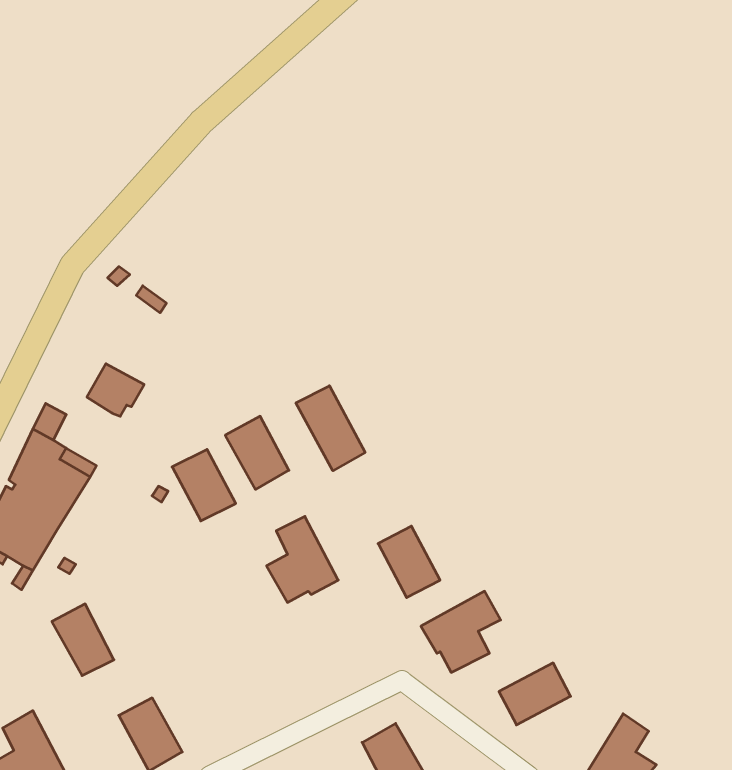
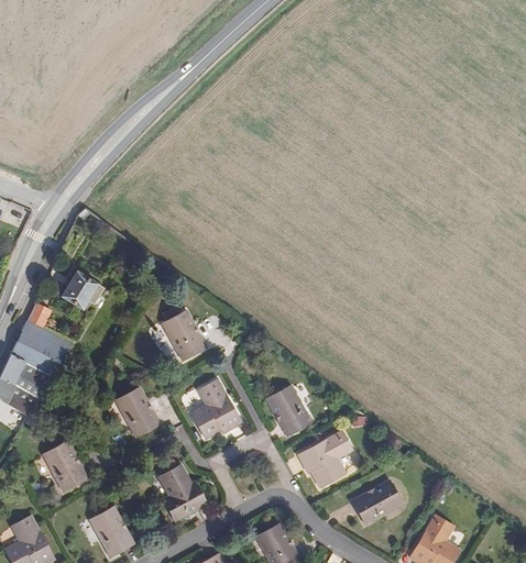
building: [296,386,365,471] -> none
building: [172,449,236,521] -> [114,387,158,437]
building: none -> [157,463,204,519]

